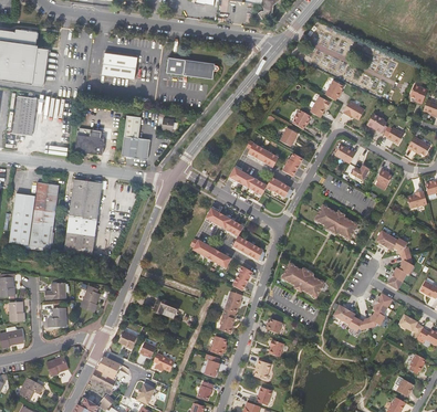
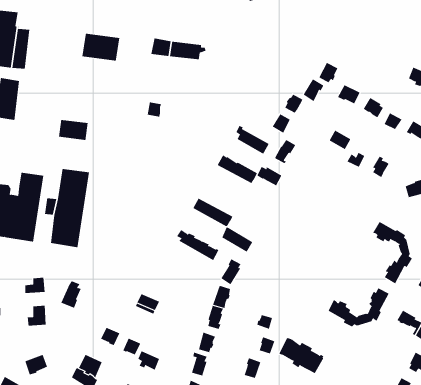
building: [122,115,152,160] -> none
building: [314,204,357,240] -> none
building: [281,262,324,297] -> [279,337,324,374]

